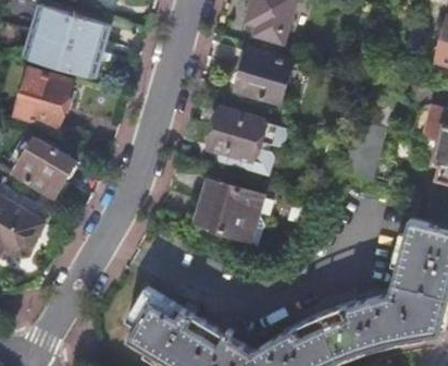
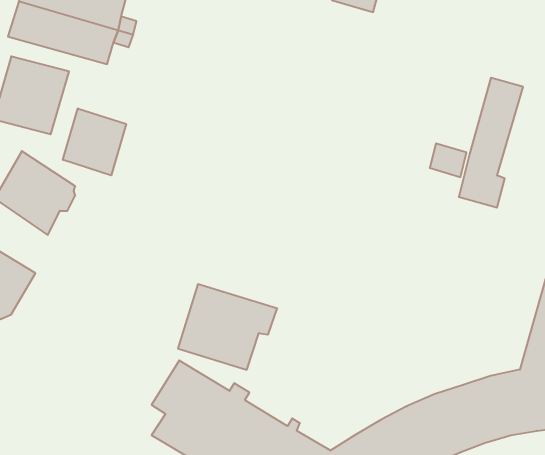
building: [233,46,294,100] -> none
building: [209,107,288,173] -> none
building: none -> [63,108,126,175]
building: [194,175,264,236] -> [178,284,277,370]

